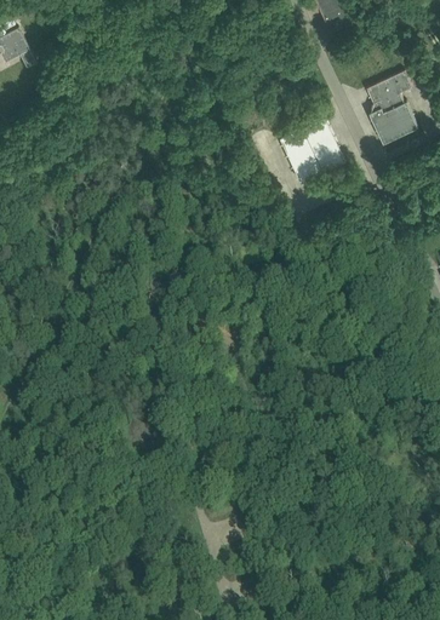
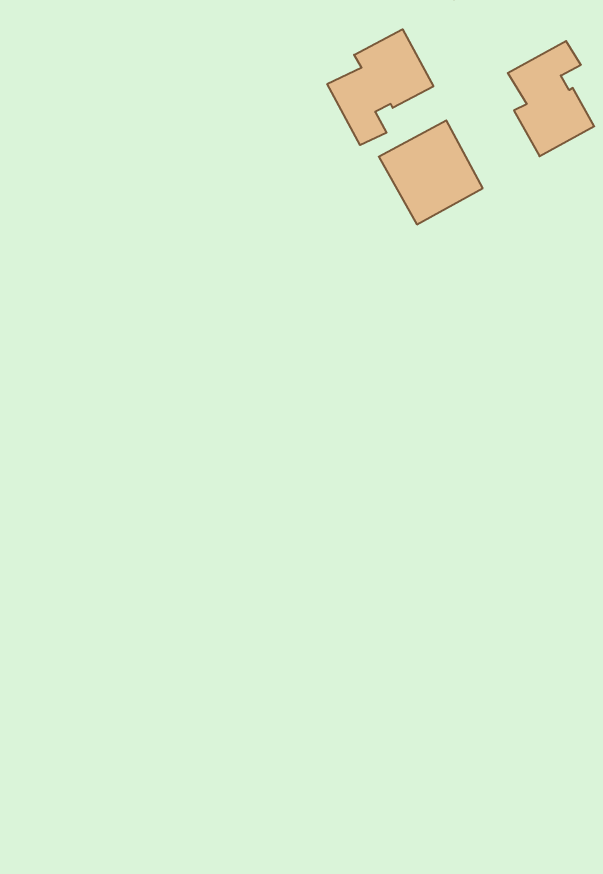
building: none -> [327,29,433,145]

